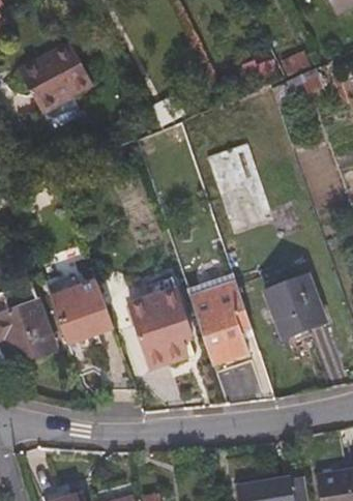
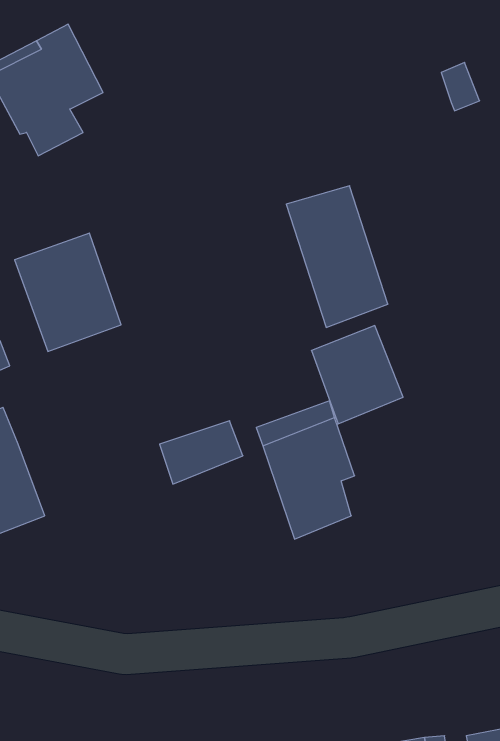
building: [47,270,113,344] -> [15,233,121,351]
building: [267,275,324,336] -> [311,326,403,424]
building: [136,308,187,367] -> none

